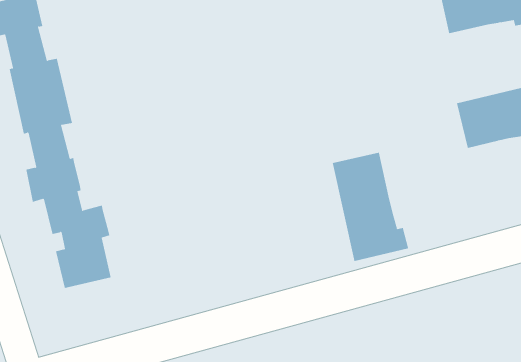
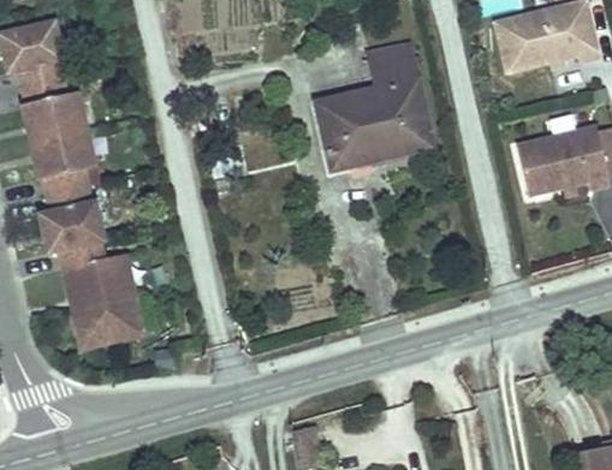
building: none -> [316,46,433,171]
building: [332,152,409,262] -> none

